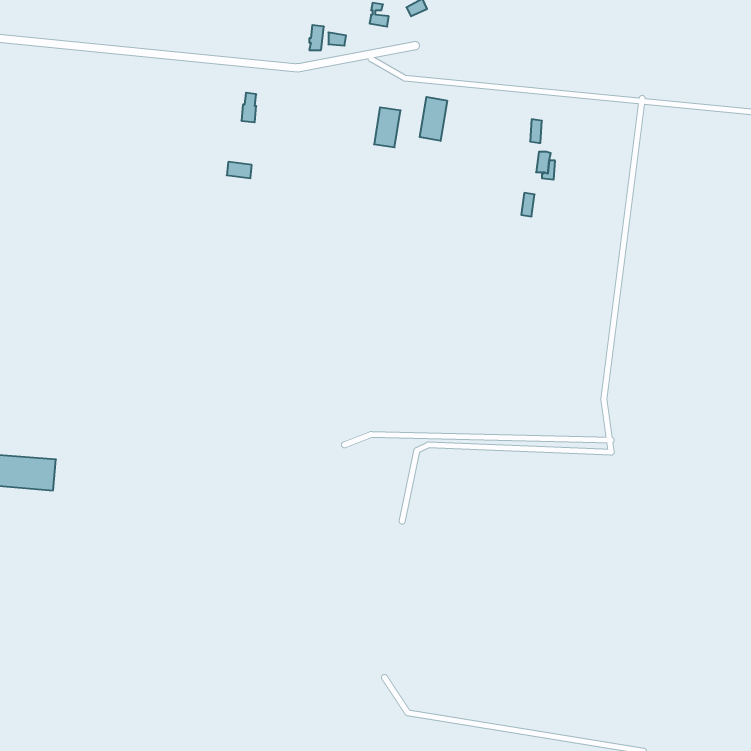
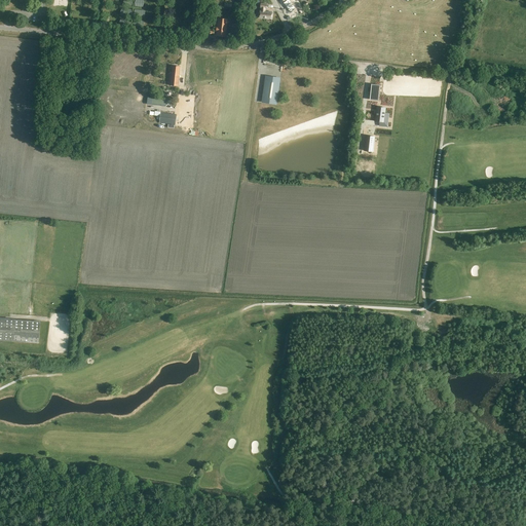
building: [420,97,447,141] -> none

